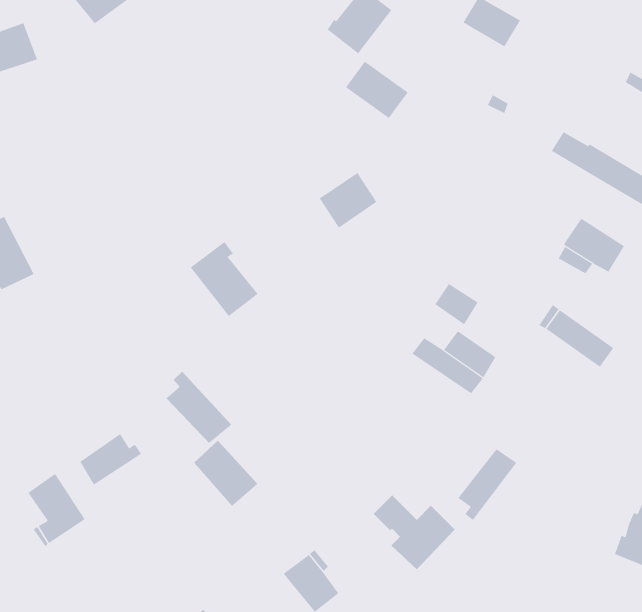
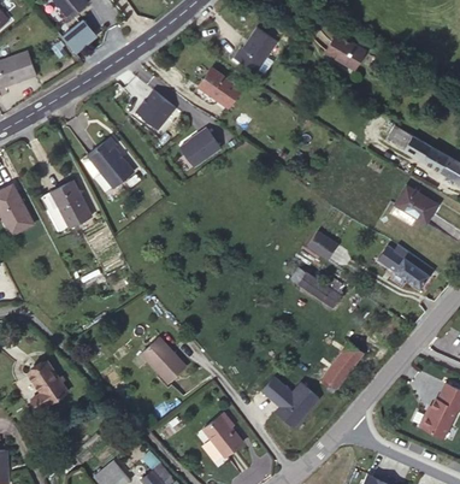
building: [345,61,409,119] -> [197,67,241,107]
building: none -> [134,90,175,135]
building: [319,172,377,228] -> [179,132,219,171]
building: none -> [39,179,90,232]
building: [190,241,258,317] -> [85,136,132,188]
building: [165,371,232,444] -> none
building: [80,433,142,486] -> none

